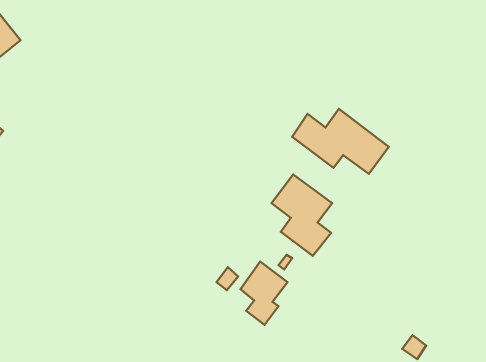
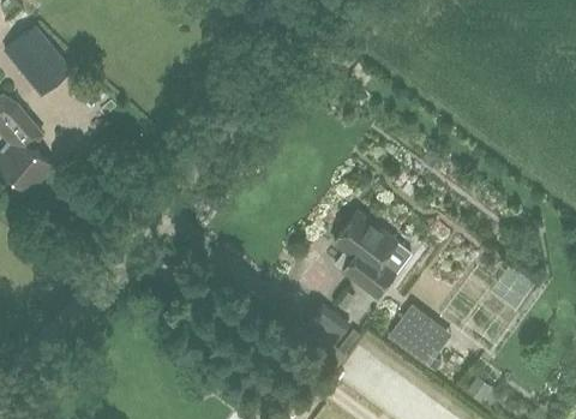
building: [292,109,389,174] -> none
building: none -> [391,309,449,364]

